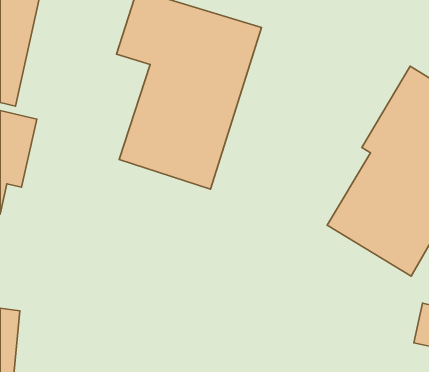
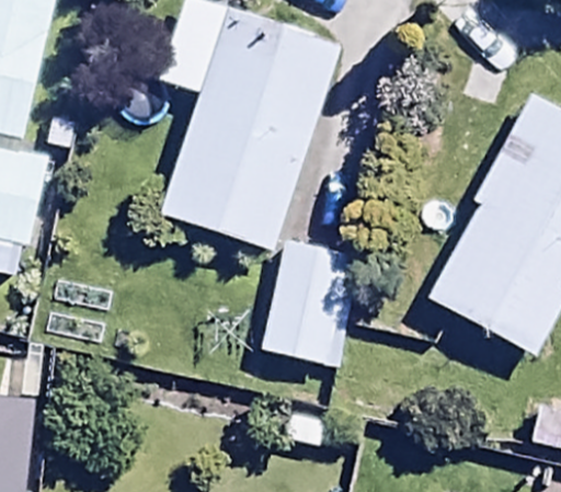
building: none -> [263,239,359,365]

